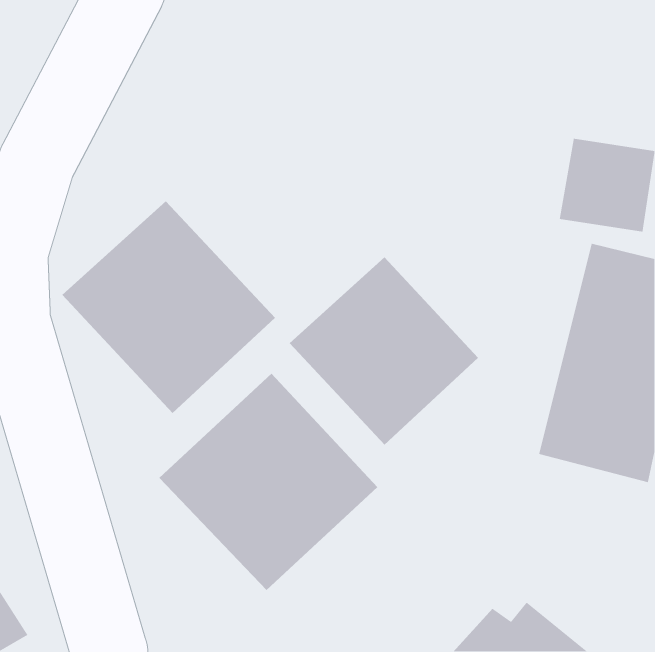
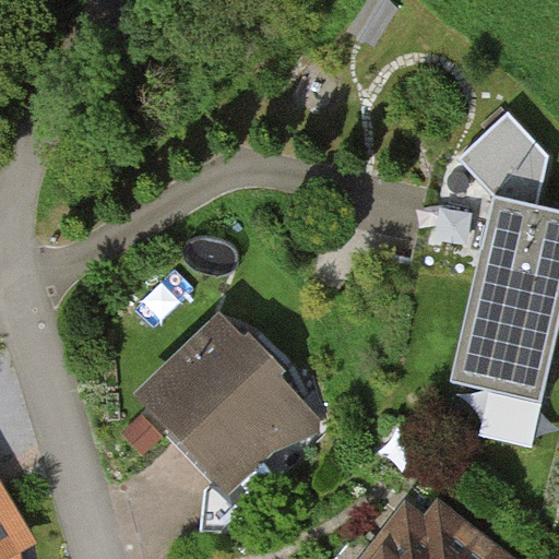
building: [62,200,276,414] -> none
building: [289,256,479,445] -> none

